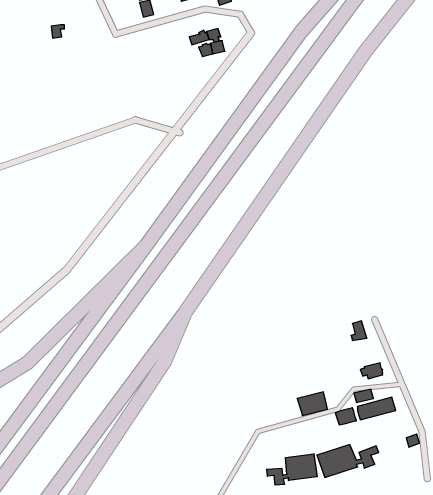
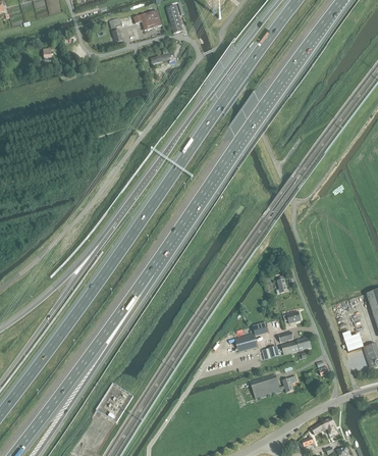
building: [267,454,317,485] -> none

